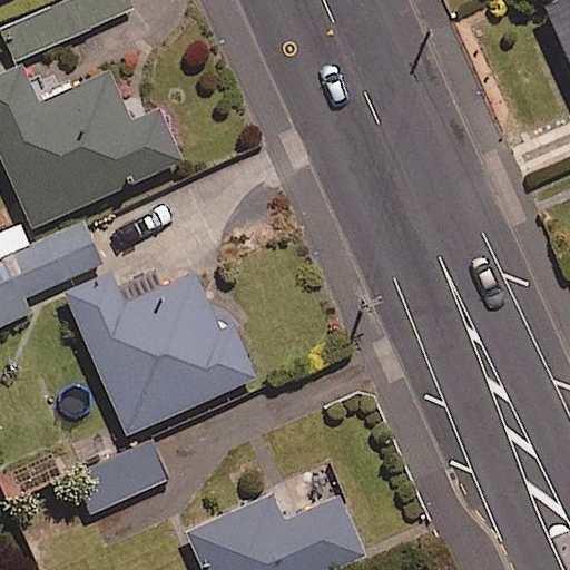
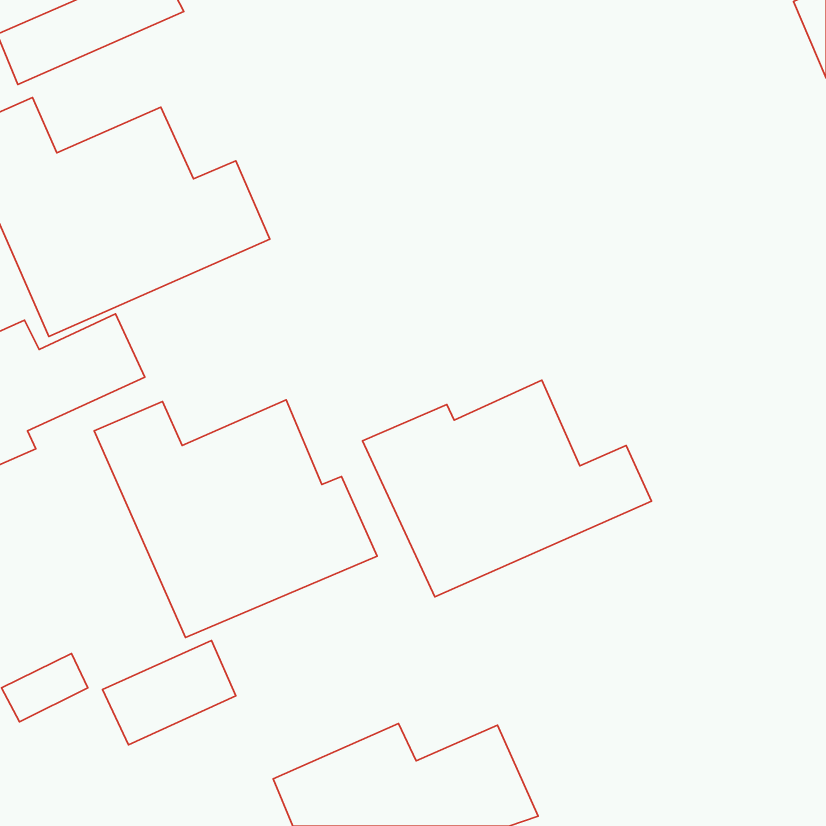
building: none -> [363,380,652,597]

